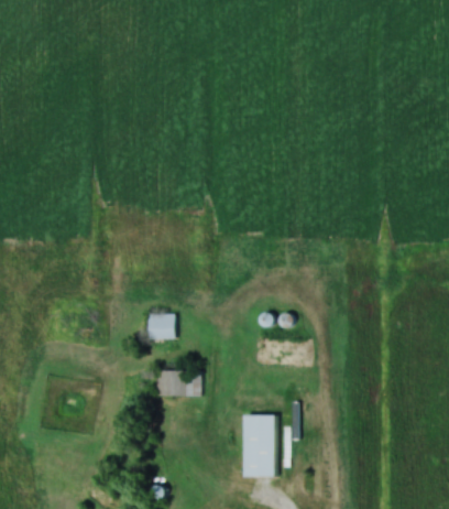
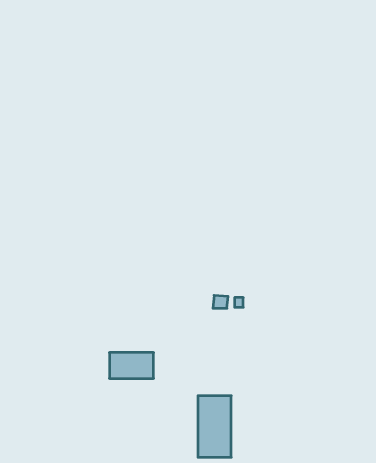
building: [147,313,174,337] -> none

